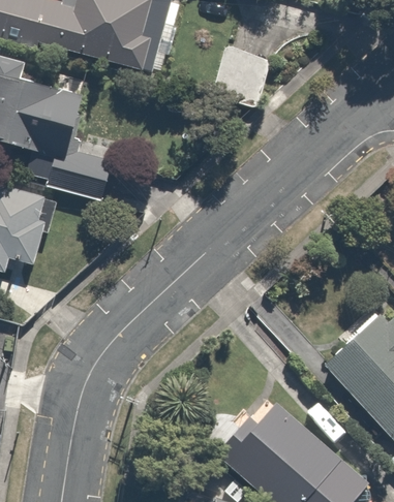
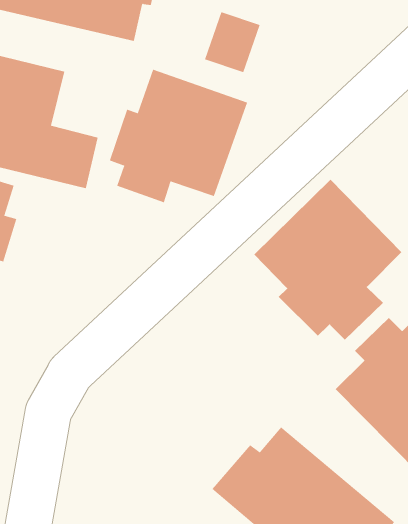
building: none -> [109,69,248,203]
building: none -> [254,179,402,341]

